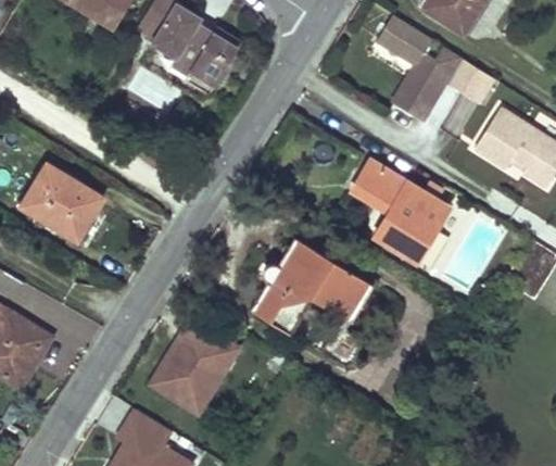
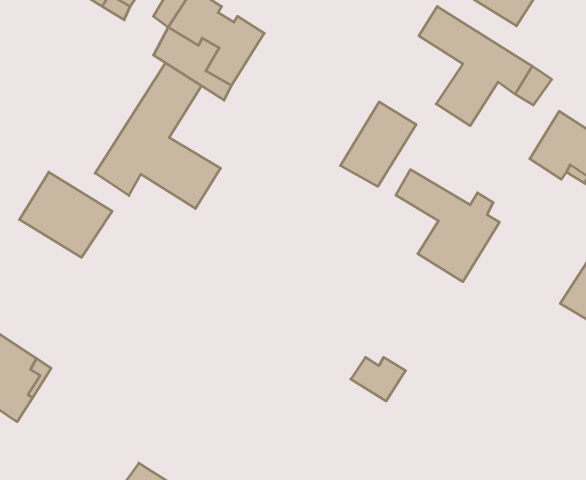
building: none -> [95,63,221,209]
building: none -> [340,102,416,186]
building: [252,243,372,330] -> none
building: [159,319,239,413] -> none

